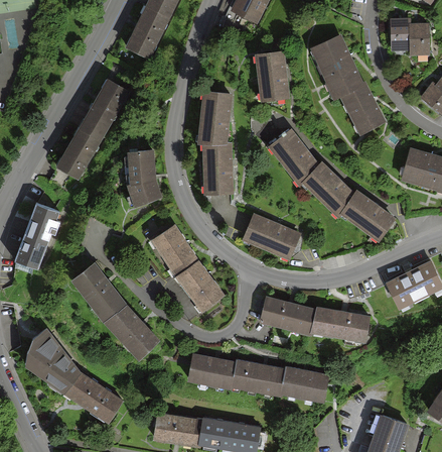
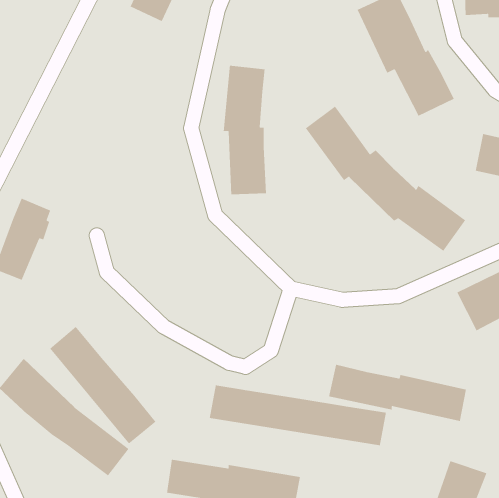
building: [256,55,292,107] -> none
building: [55,78,130,180] -> none
building: [129,147,164,207] -> none
building: [244,218,301,263] -> none
building: [151,222,227,311] -> none
building: [73,265,159,360] -> [49,326,156,445]
building: [261,295,372,341] -> [328,364,467,422]

